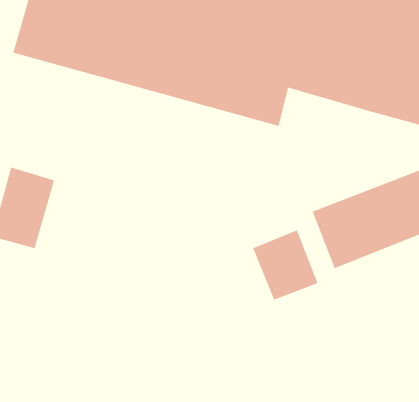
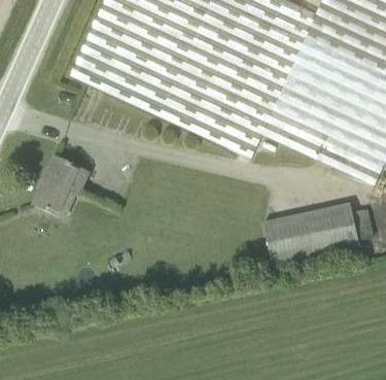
building: [253,229,318,300] -> none

